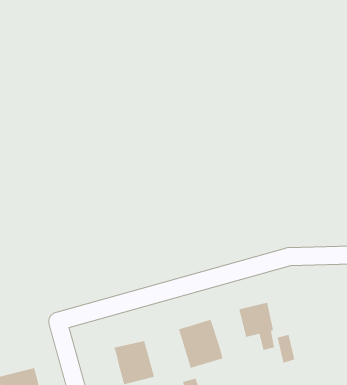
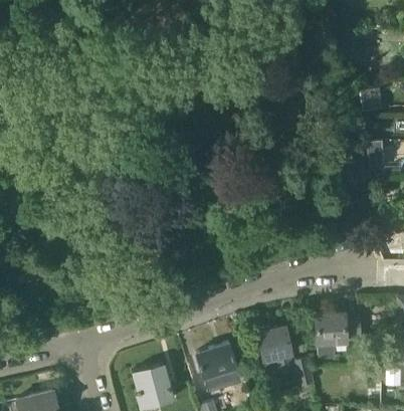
building: none -> [315,314,360,360]

